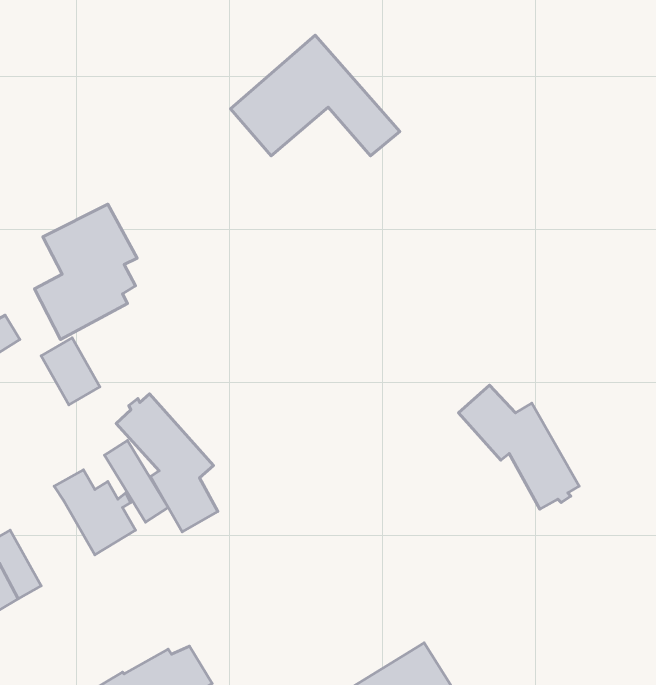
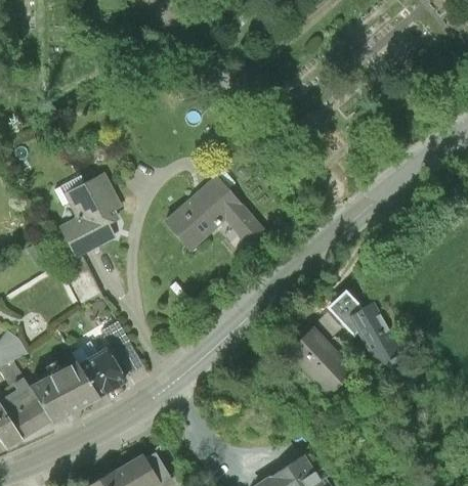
building: [230,35,400,156] -> [162,177,268,253]
building: [116,394,218,532] -> none
building: none -> [288,327,351,392]
building: none -> [44,361,97,414]

